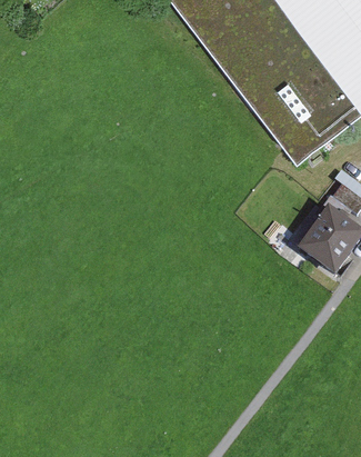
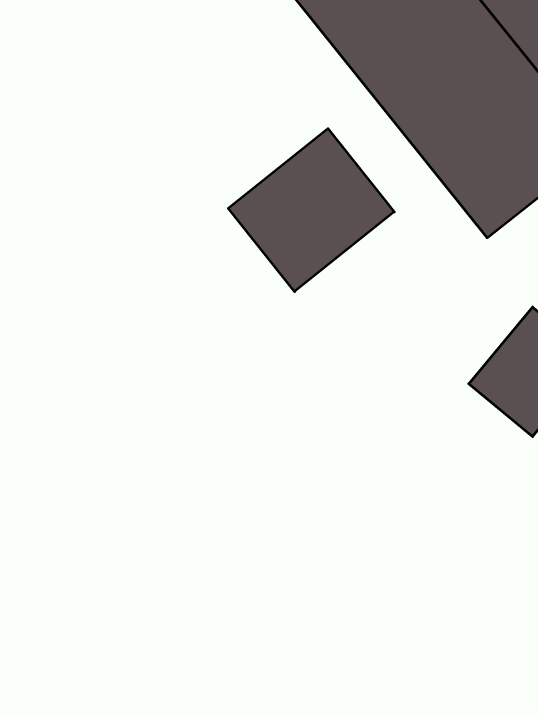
building: none -> [228,129,394,292]

